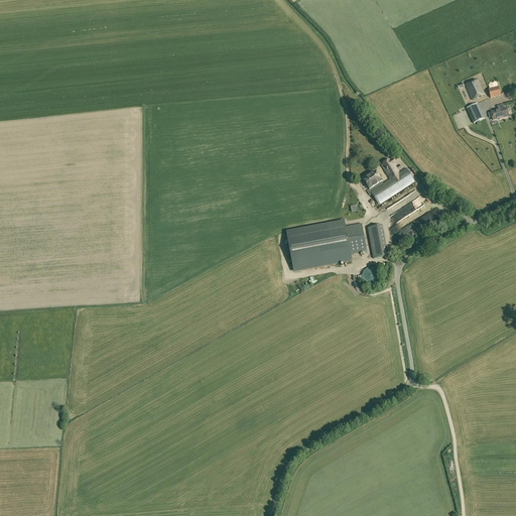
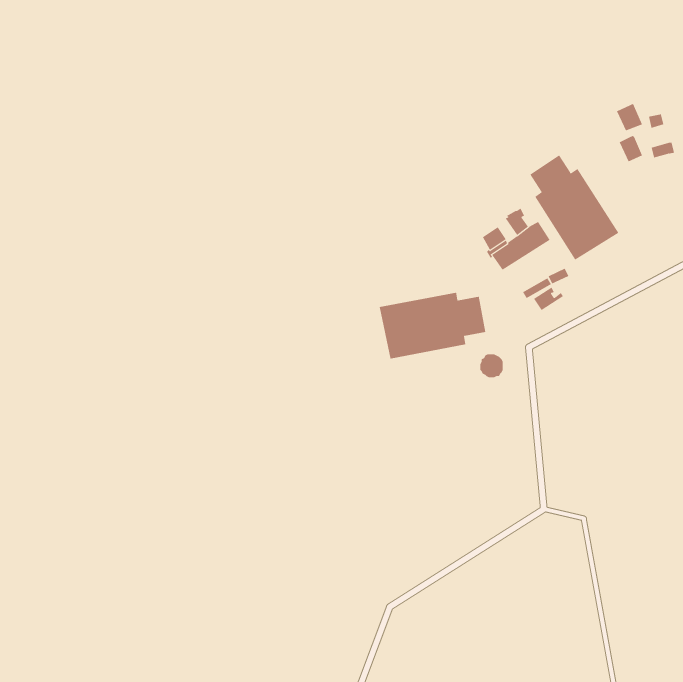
building: none -> [529,155,619,260]
building: [368,225,386,255] -> none

